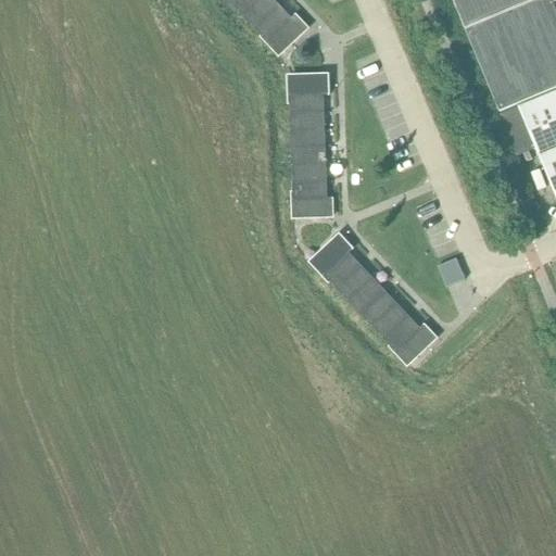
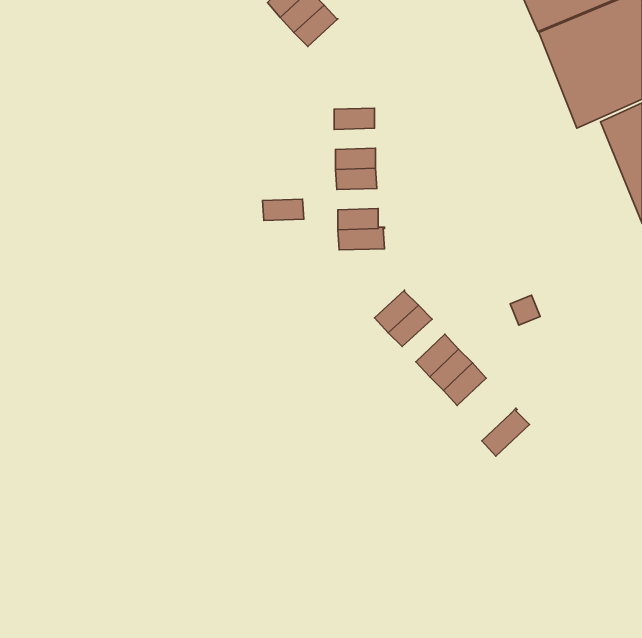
building: [266,12,307,53] -> none
building: [288,75,329,94] -> none
building: [289,111,325,129] -> none
building: [291,163,327,181] -> [262,199,304,221]
building: [312,235,354,275] -> none
building: [348,276,384,313] -> none
building: [395,323,437,364] -> [482,408,530,456]

